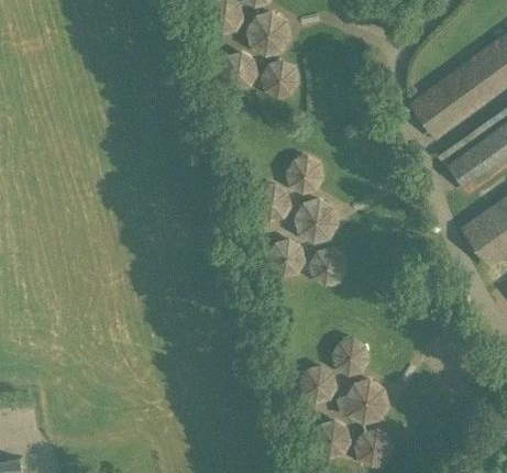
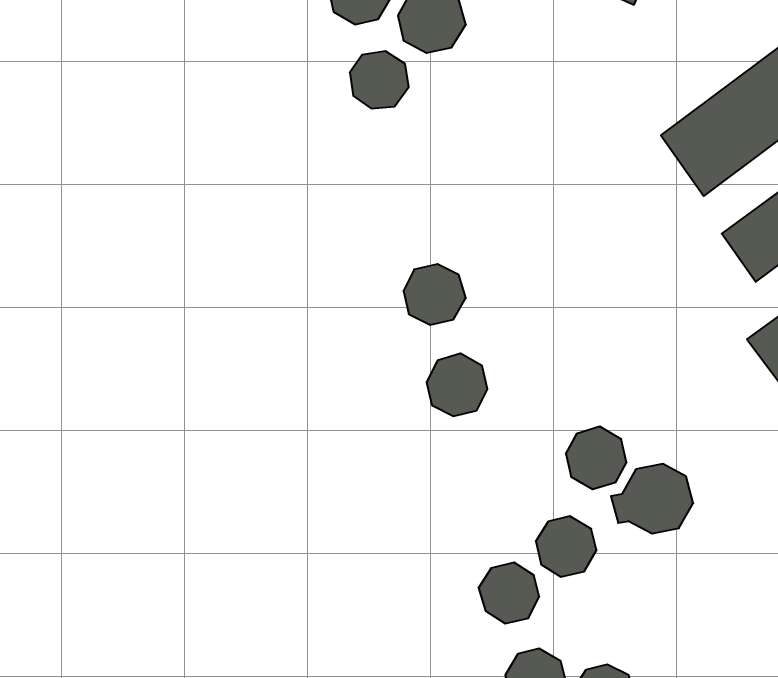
building: [261,59,300,99] -> none
building: [286,154,324,193] -> none
building: [294,200,338,243] -> none
building: [309,248,346,286] -> [566,427,627,489]
building: [338,381,388,424] -> [611,464,693,534]

